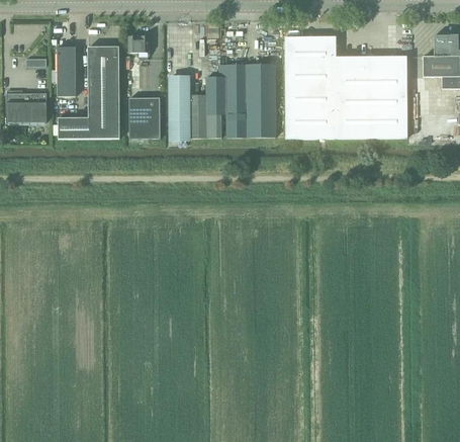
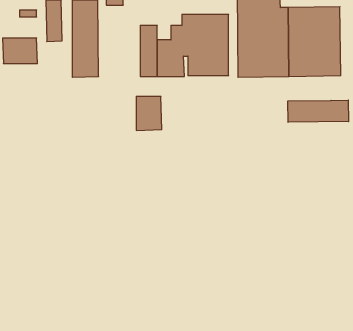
building: [129,98,160,139] -> [136,96,162,130]
building: [58,117,88,139] -> none
building: none -> [288,100,349,122]

